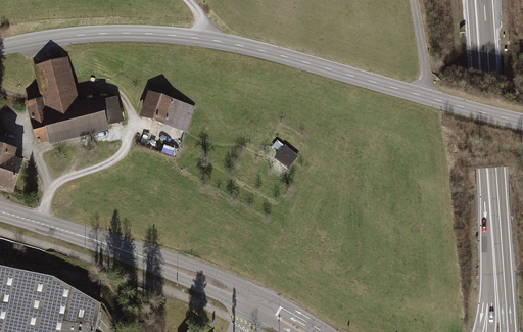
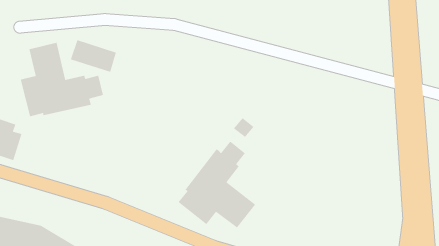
building: [141,94,196,134] -> [70,39,117,73]
building: none -> [178,141,256,228]

